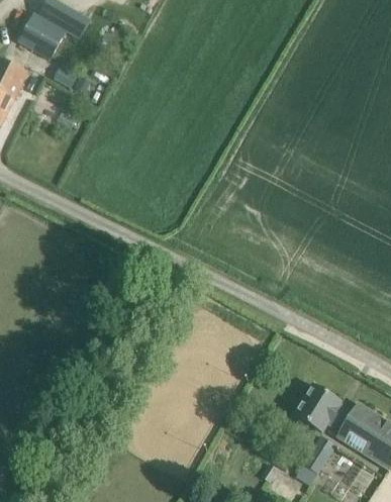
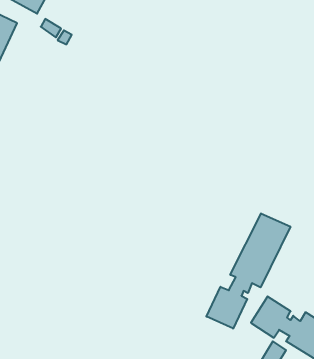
building: none -> [206,213,290,329]

